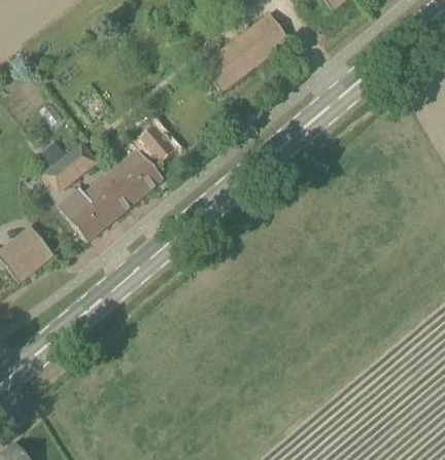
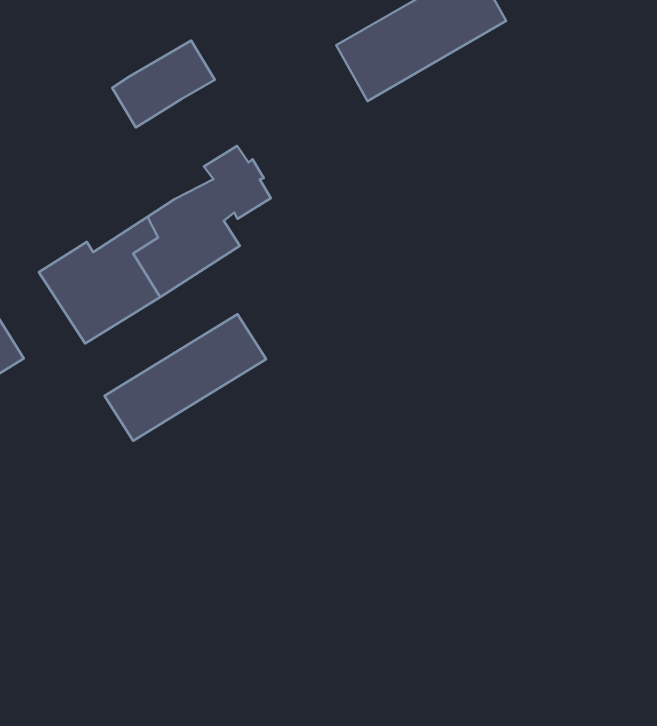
building: [43,141,98,191] -> [112,40,215,127]
building: none -> [104,314,266,441]

